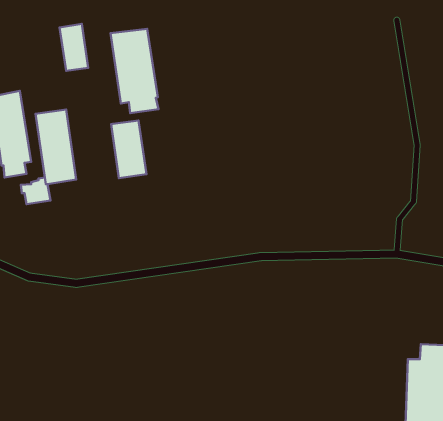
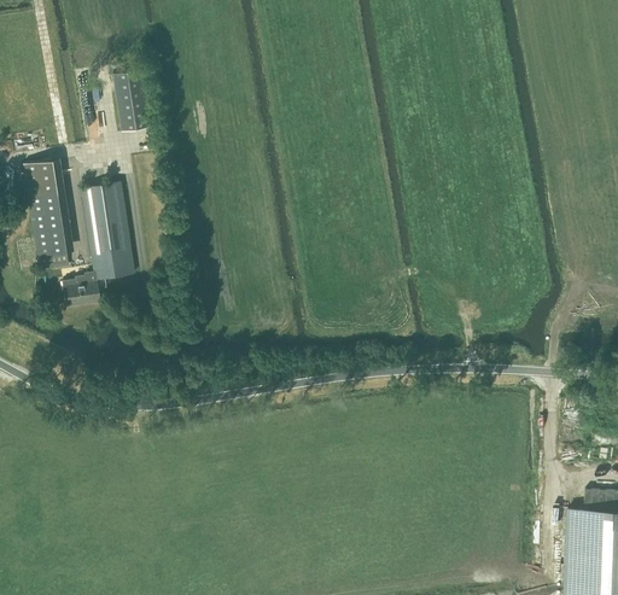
building: [110,29,159,113] -> none
building: [111,120,146,178] -> none

